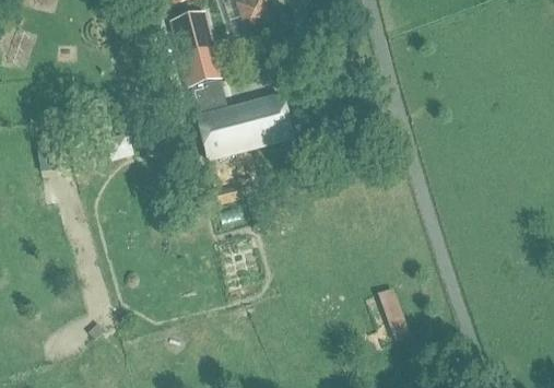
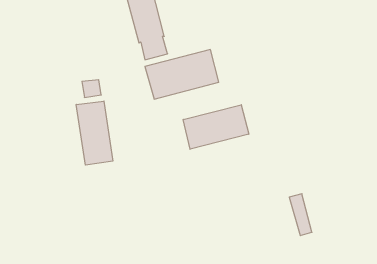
building: none -> [76,101,113,165]
building: none -> [183,105,249,149]

